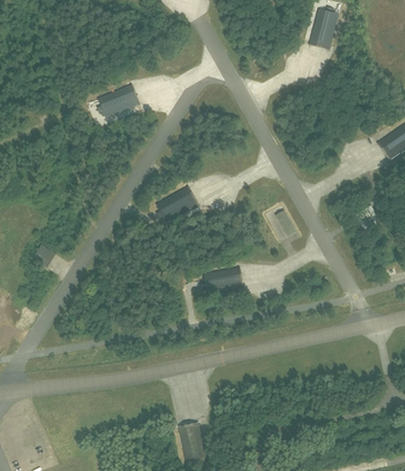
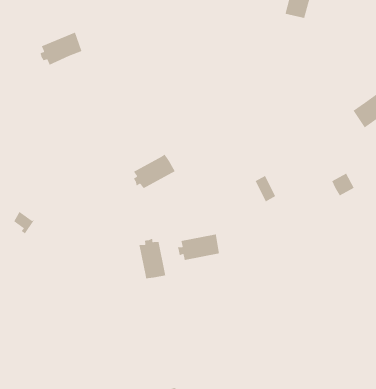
building: [95,84,139,119] -> [40,31,83,66]
building: none -> [139,237,166,279]

